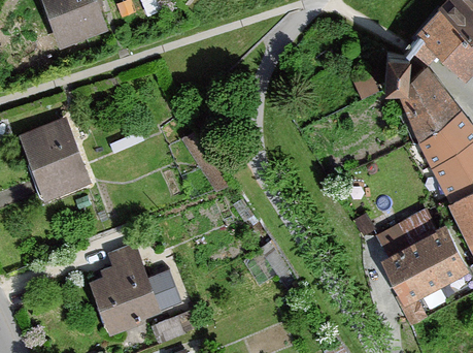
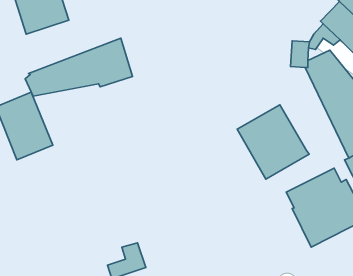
building: none -> [25,38,133,96]
building: none -> [237,105,309,179]
building: [92,245,168,335] -> none

